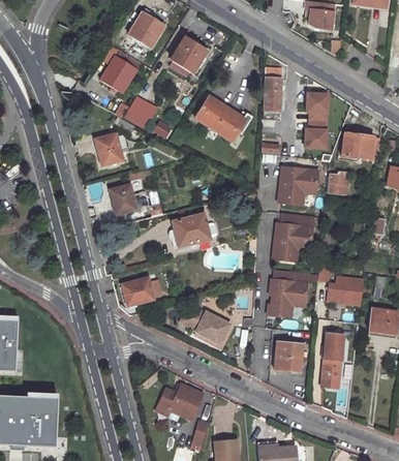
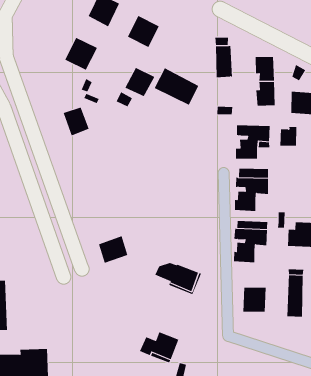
building: [125,96,159,129] -> [125,67,155,97]
building: [110,184,135,214] -> none
building: [172,215,209,247] -> none

